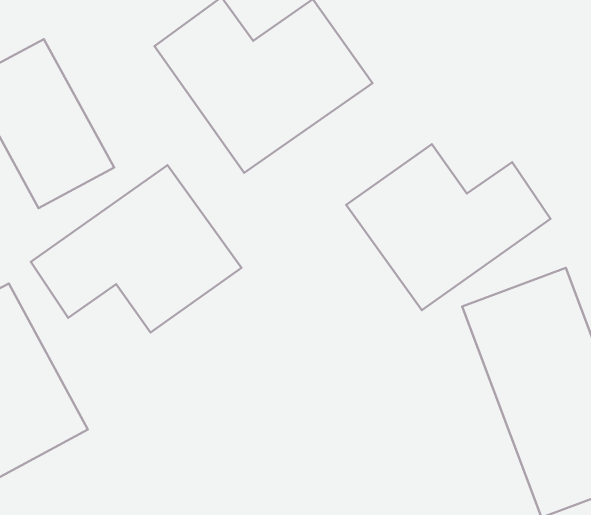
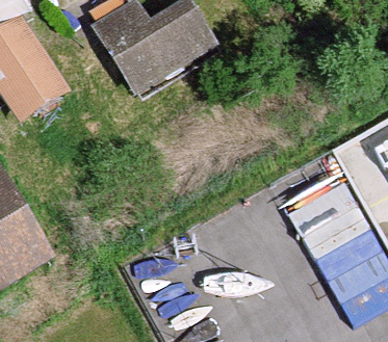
building: [346,144,550,310] -> none
building: [31,165,242,333] -> none

